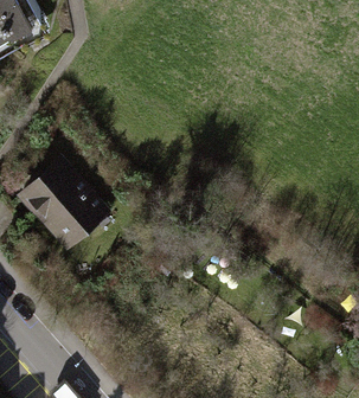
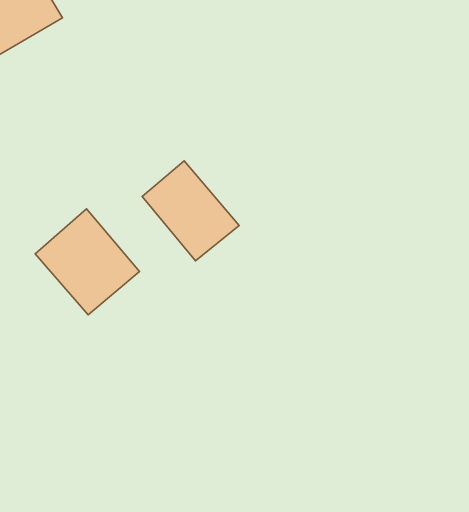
building: none -> [142,161,239,261]

